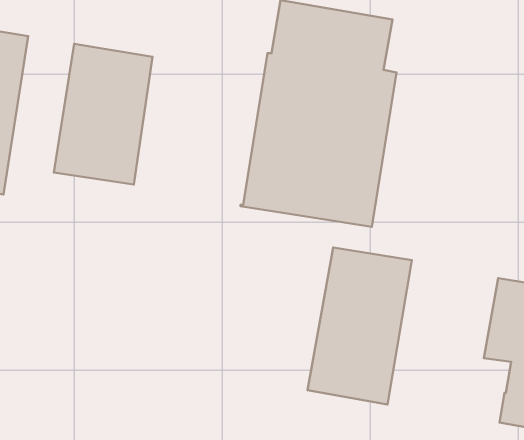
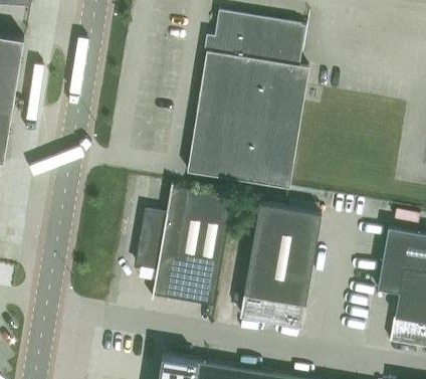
building: [54,44,152,185] -> none
building: none -> [137,185,233,307]

